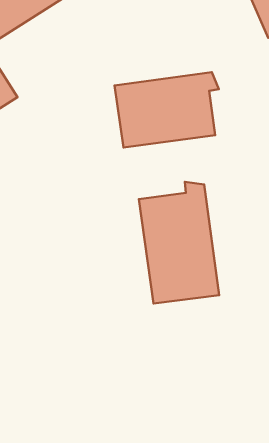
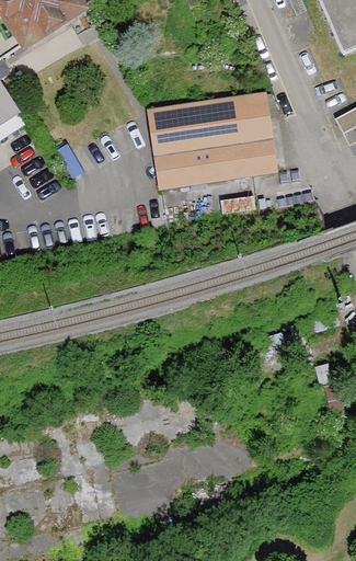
building: [139,182,219,304] -> none

